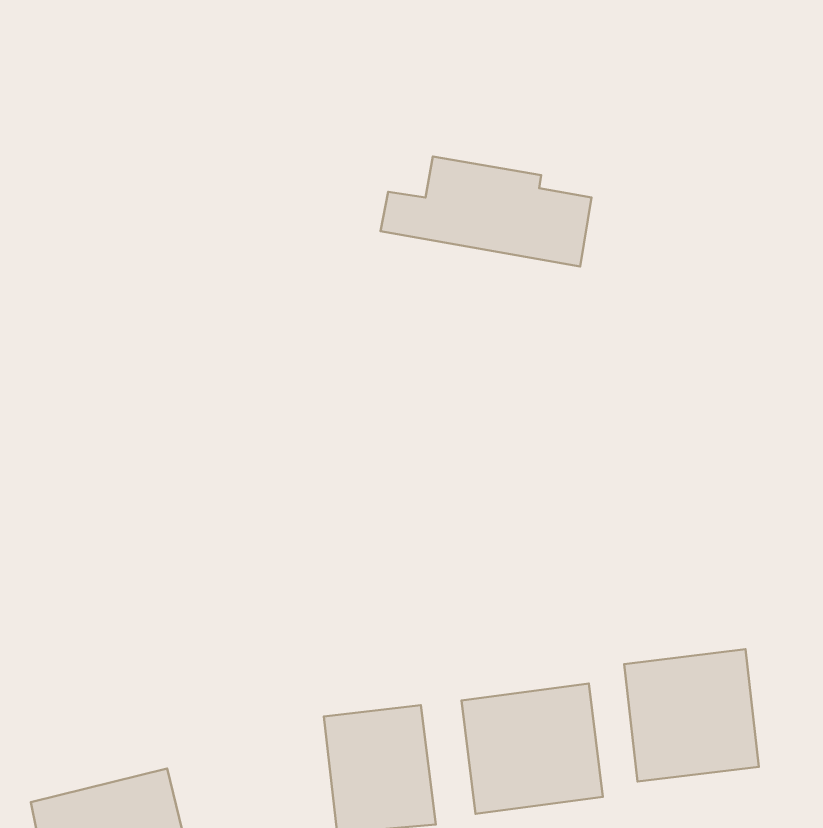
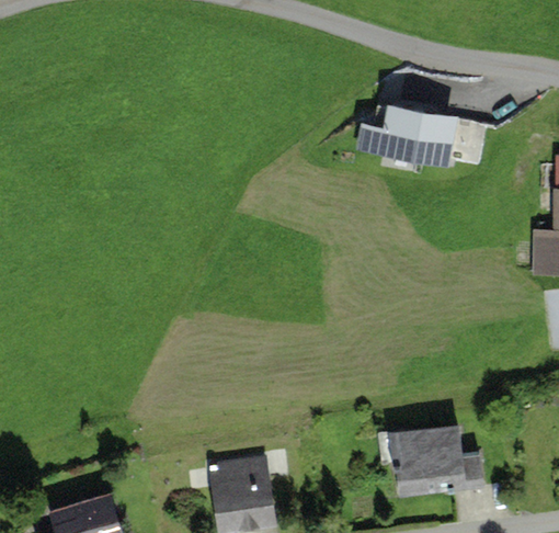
building: [381,156,591,267] -> [361,100,484,165]
building: [462,683,603,814] -> none

